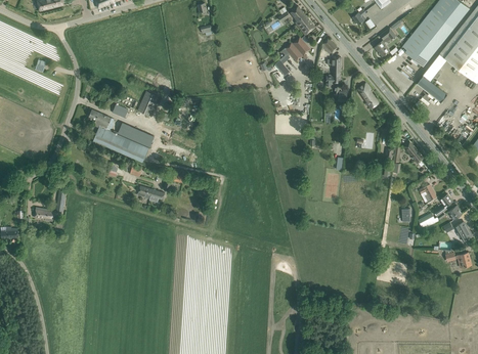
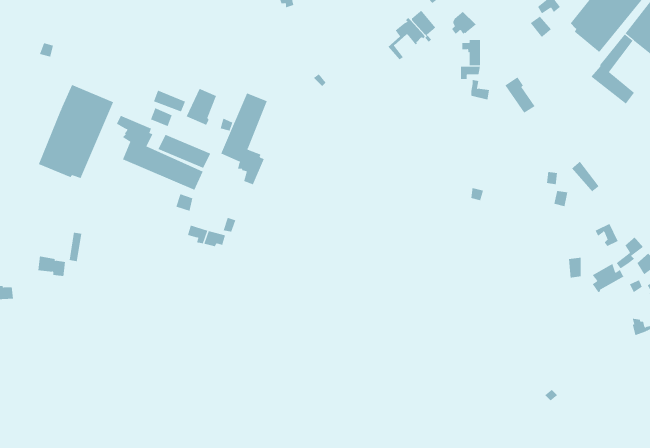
building: none -> [38,84,114,179]
building: none -> [221,92,268,185]

